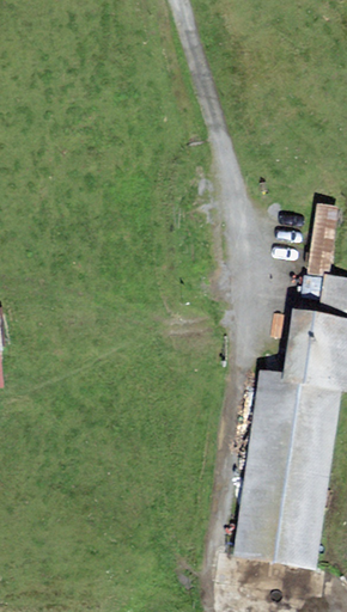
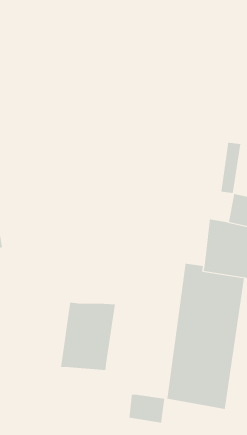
building: none -> [60,302,116,371]
building: none -> [129,394,165,423]

